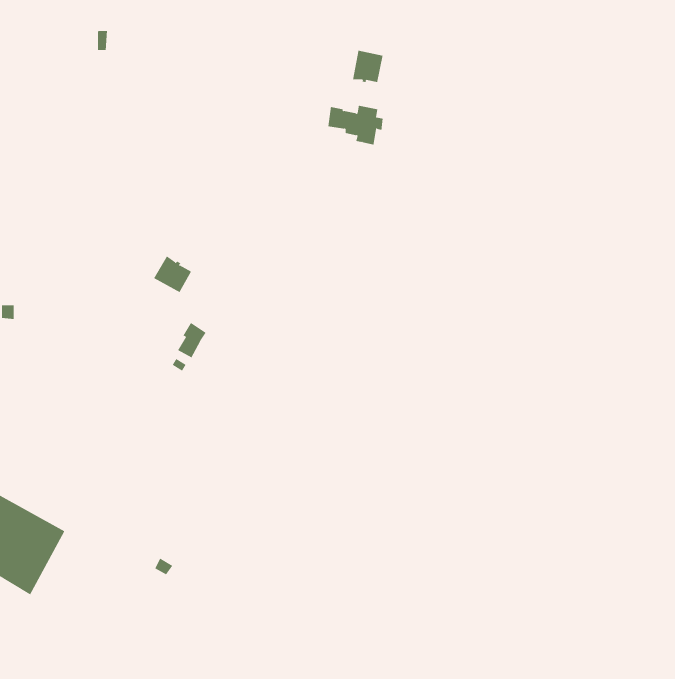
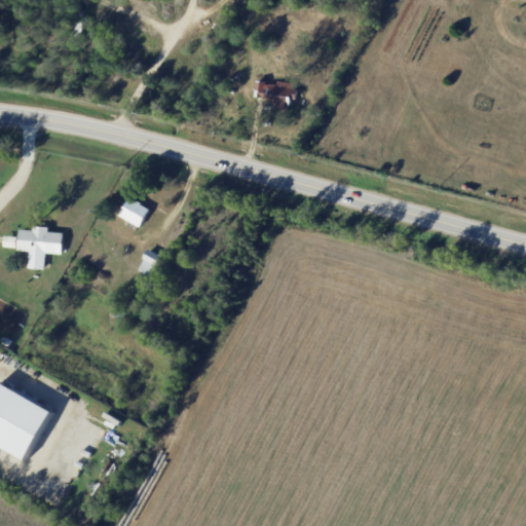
building: [353,50,383,83] -> none
building: none -> [16,226,63,269]

